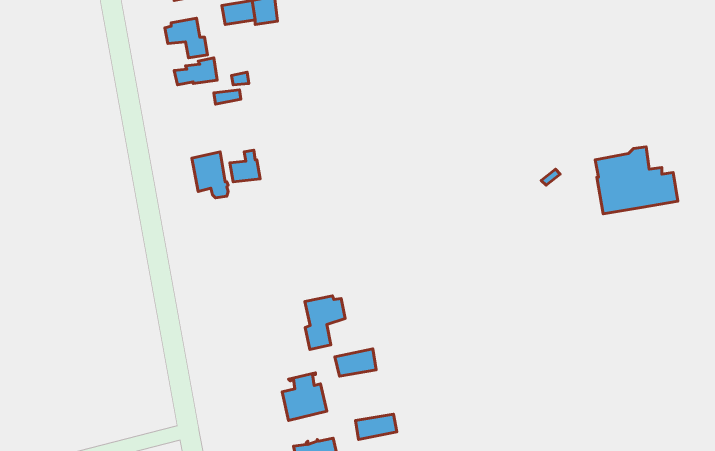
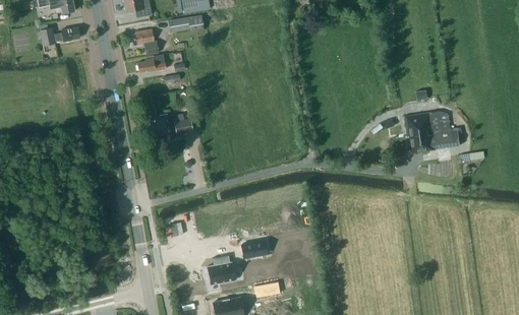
building: none -> [39,23,79,46]
building: [305,296,345,350] -> none

